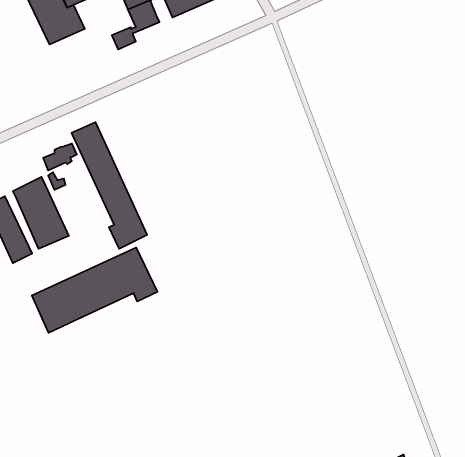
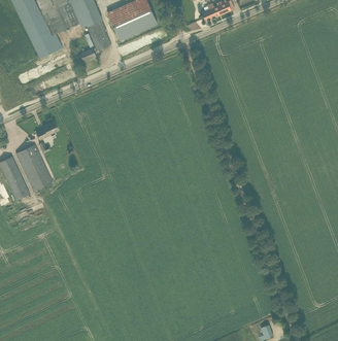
building: [72,122,147,249] -> none
building: [32,247,157,333] -> none

